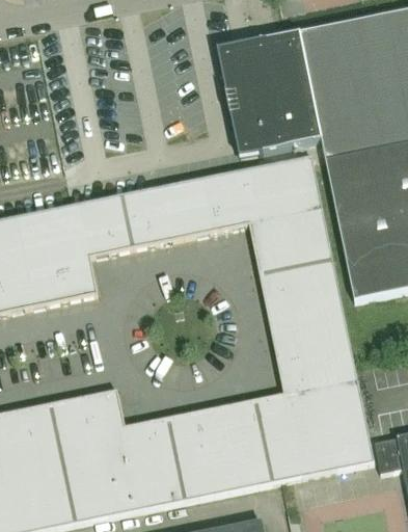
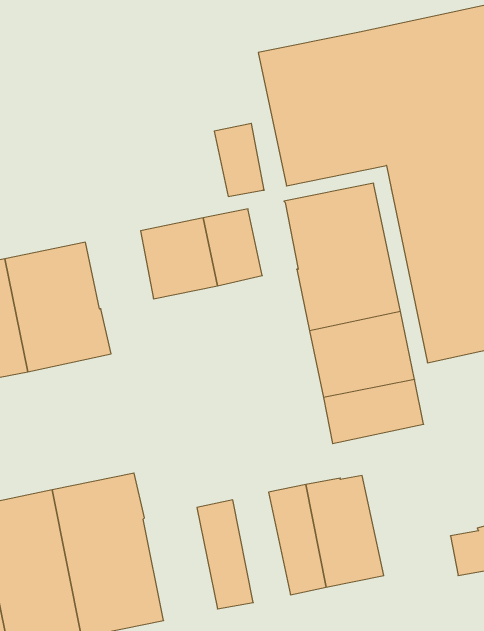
building: [210,169,250,229] -> [214,123,264,196]
building: [78,192,133,256] -> none
building: [278,349,375,472] -> none
building: [197,404,244,494] -> none
building: [125,417,185,508] -> none

